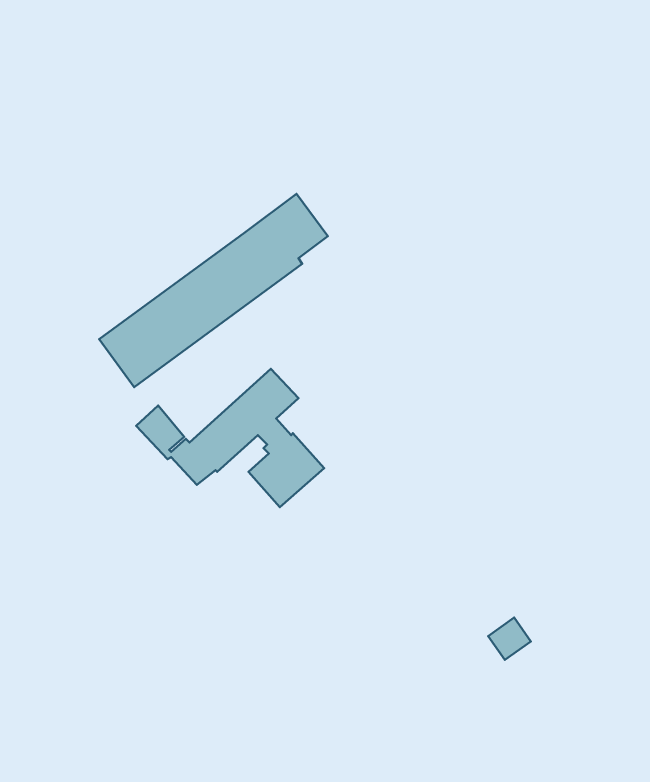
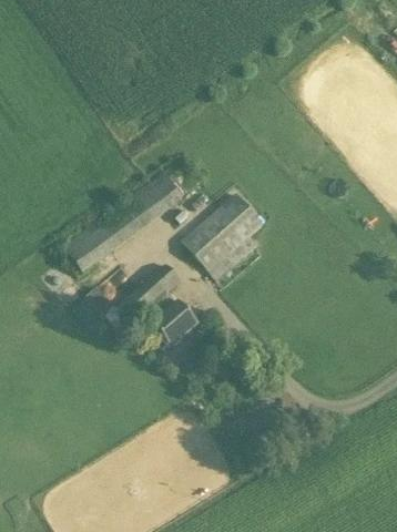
building: none -> [182,192,264,280]

